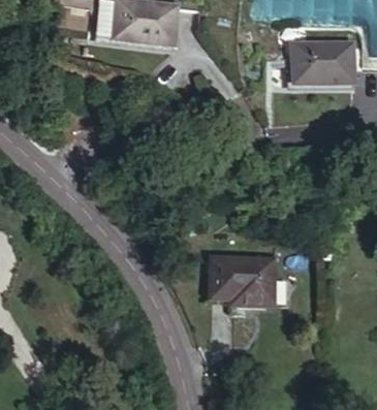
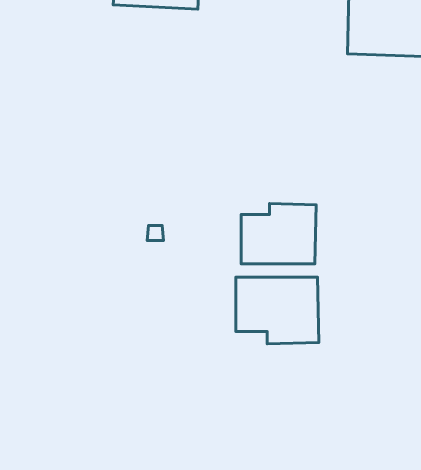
building: none -> [241,204,316,264]

